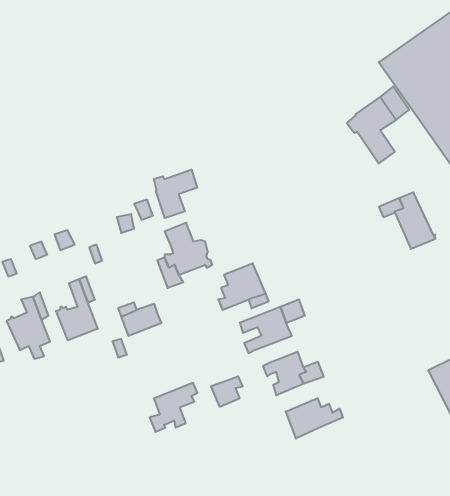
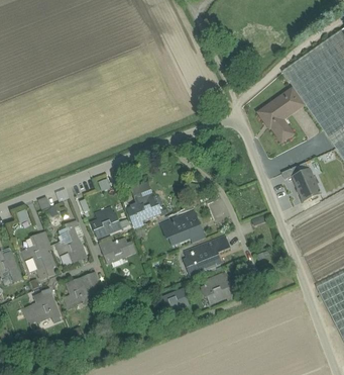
building: [154,170,197,218] -> none
building: none -> [92,208,120,236]
building: none -> [24,293,60,322]
building: [150,383,197,432] -> [65,273,98,307]
building: [286,398,343,439] -> none

